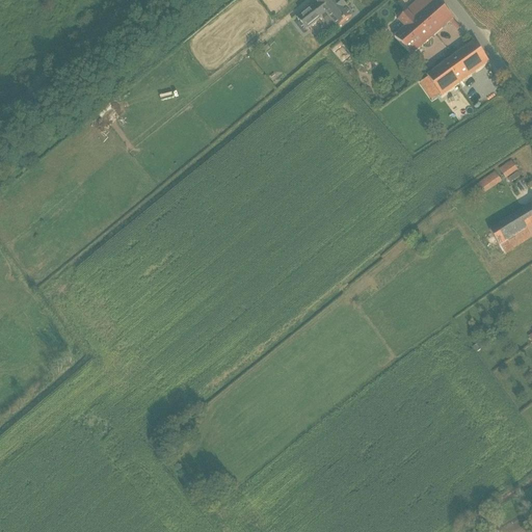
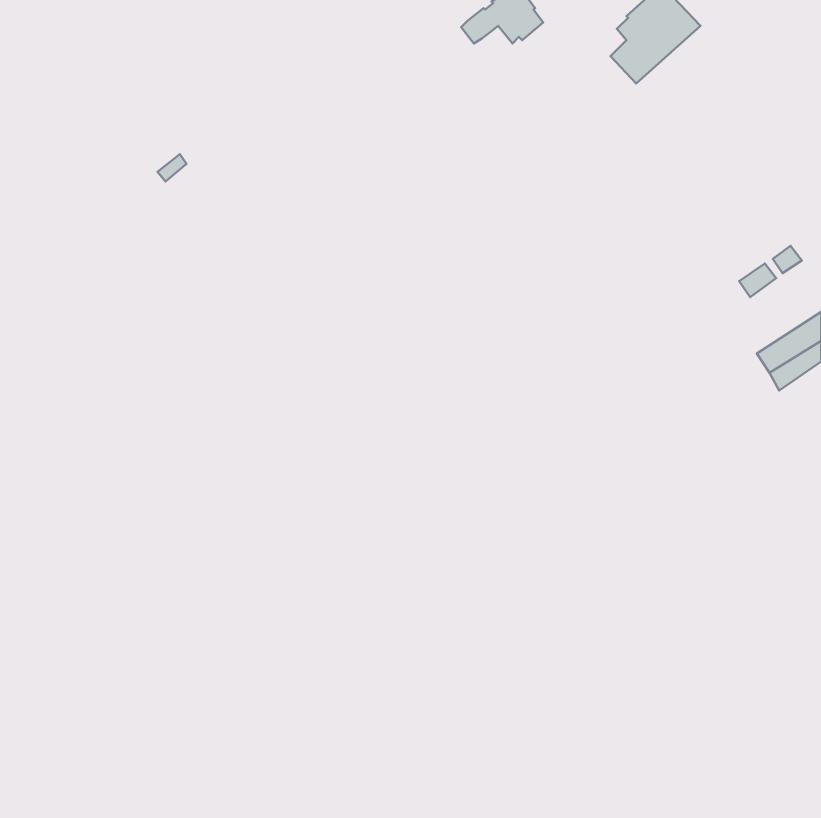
building: [427,39,488,95] -> none

